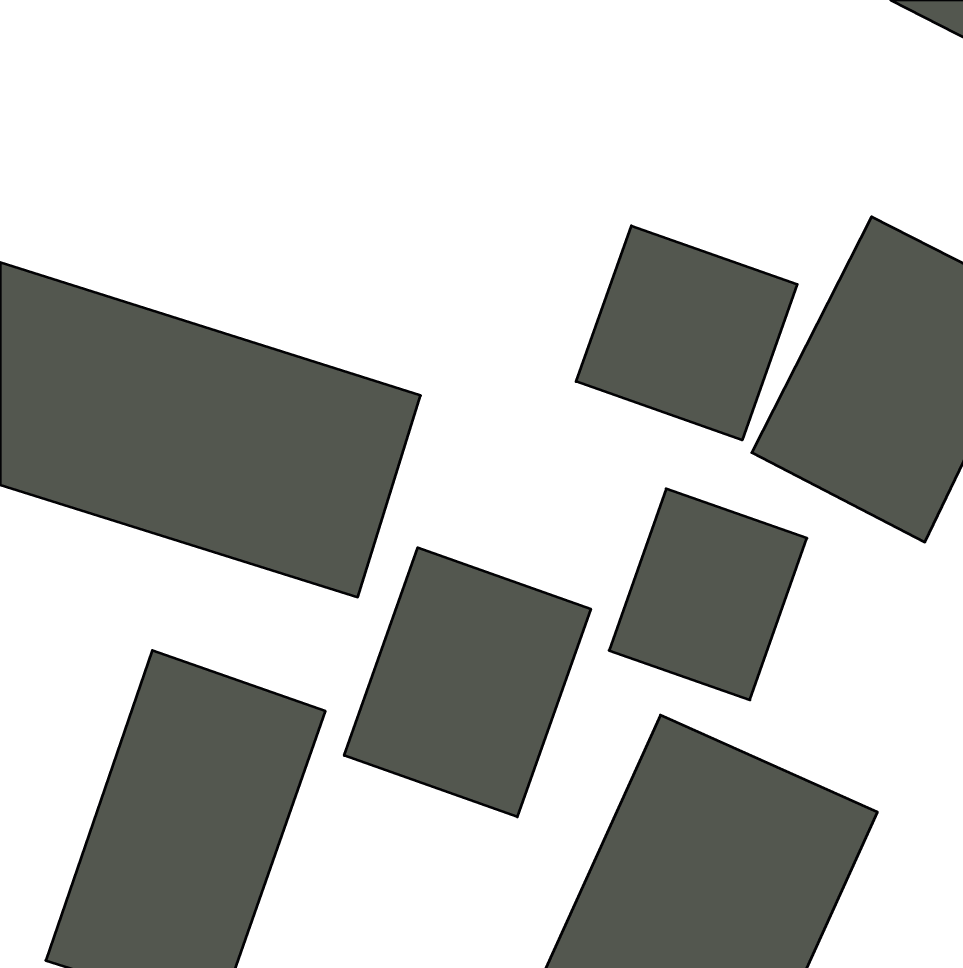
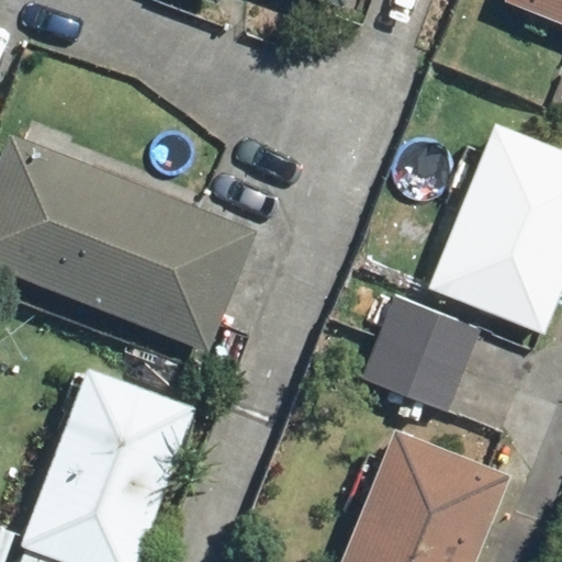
building: [576,226,797,440] -> none
building: [344,548,591,817] -> none

